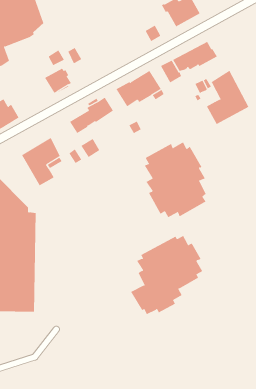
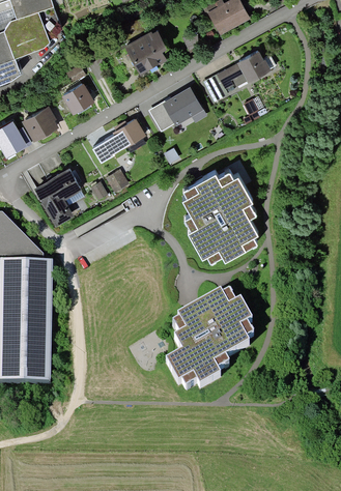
building: none -> [123,30,167,75]
building: [206,70,249,125] -> none
building: none -> [21,105,58,142]

